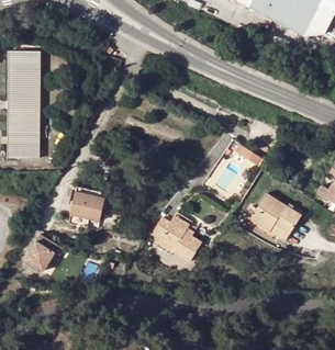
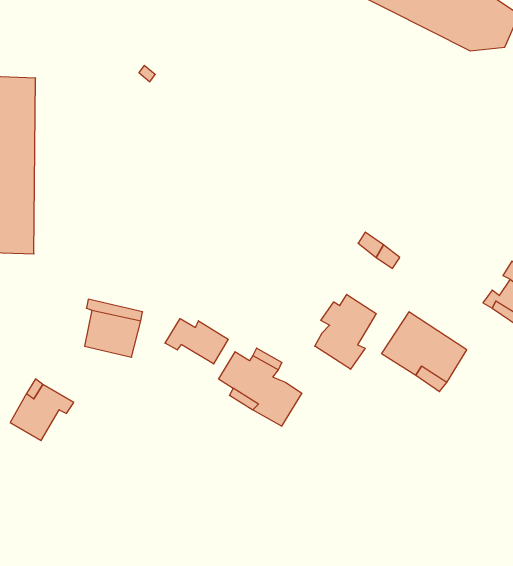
building: none -> [315,294,376,369]
building: none -> [165,319,228,364]

